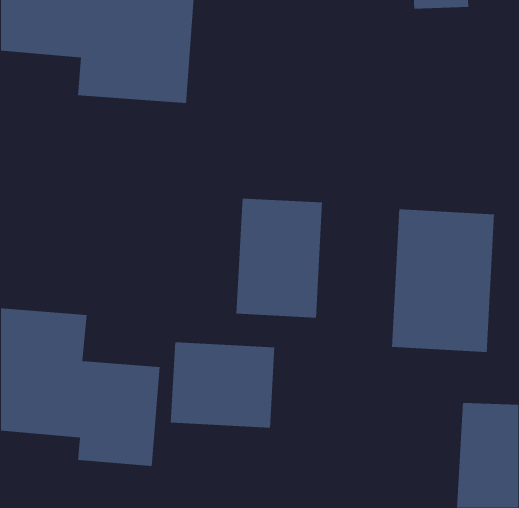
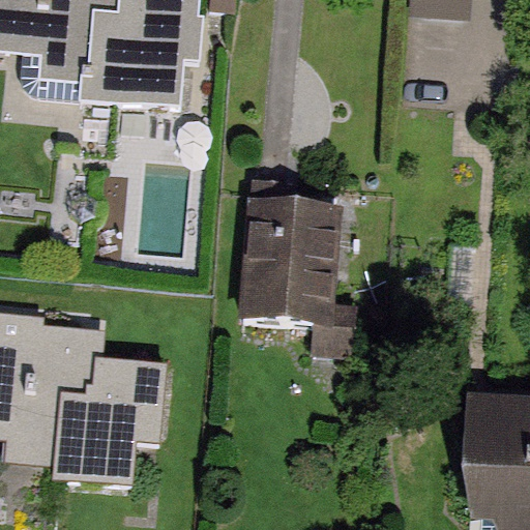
building: [391,209,495,353] -> none
building: [170,342,275,429] -> none

